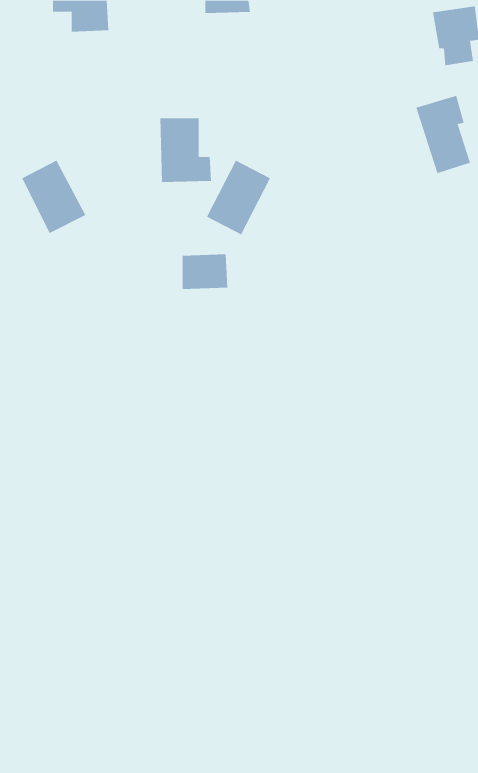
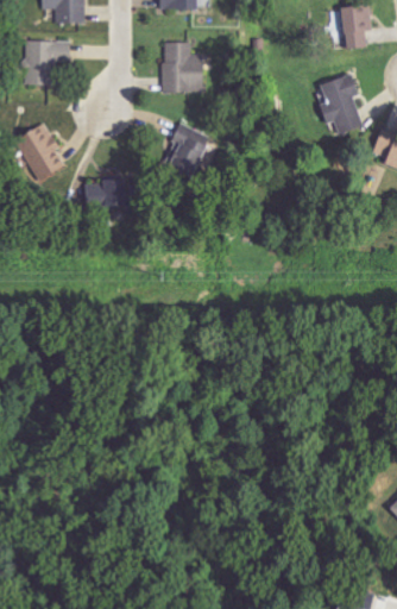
building: none -> [25,40,71,87]
building: [160,118,212,183] -> [162,43,202,93]
building: [182,254,228,289] -> [83,182,119,209]

